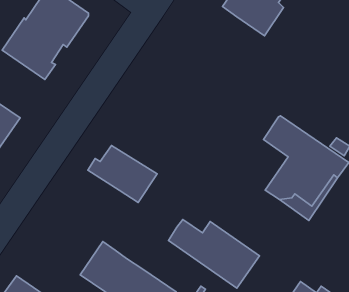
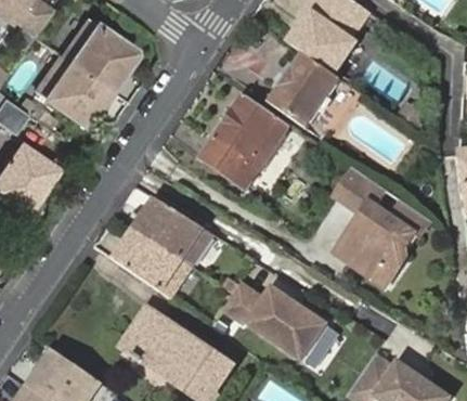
building: none -> [268,53,340,129]
building: none -> [200,95,287,189]
building: none -> [117,228,190,297]

